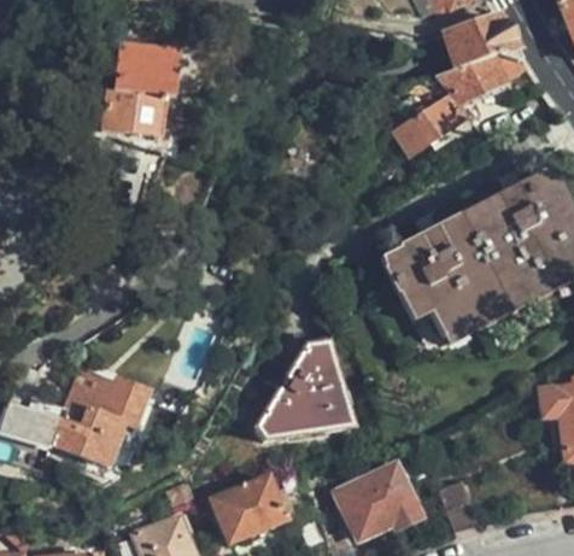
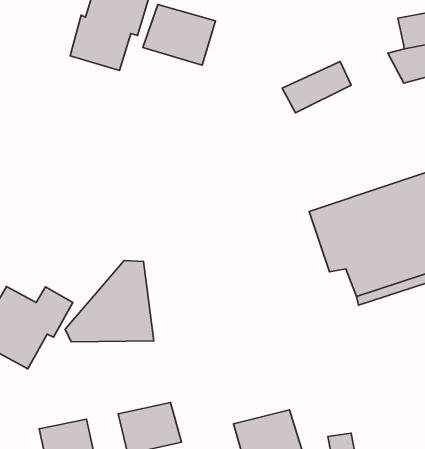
building: none -> [143,5,216,65]
building: [390,96,462,158] -> [282,62,351,113]
building: [256,343,351,439] -> [65,261,154,342]

